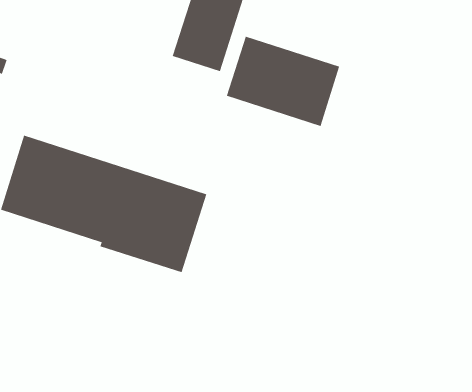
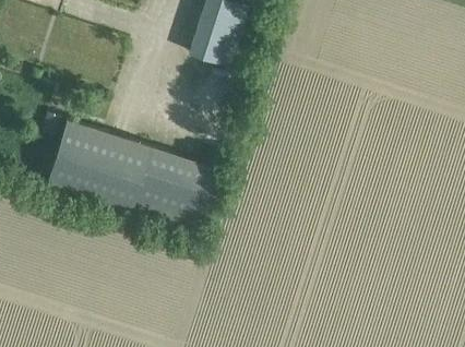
building: [226,36,340,127] -> none

